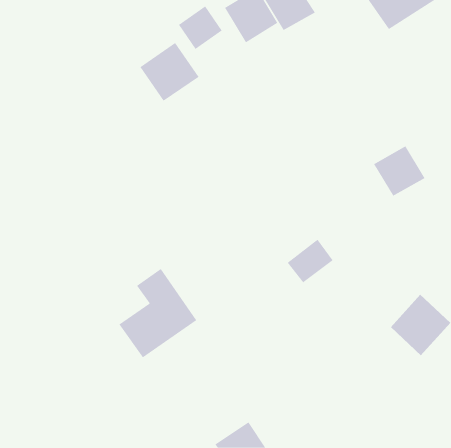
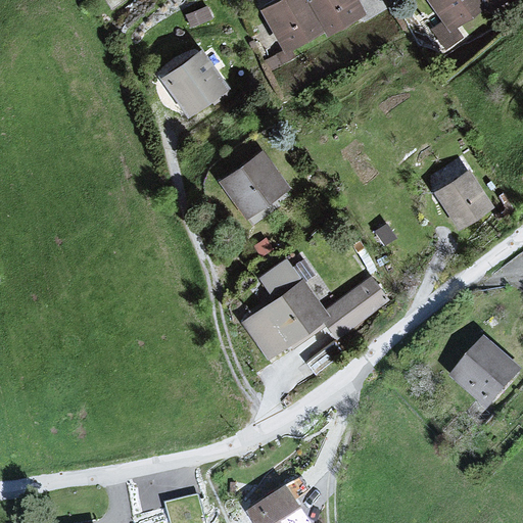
building: [178,6,222,50] -> none
building: none -> [217,149,290,220]
building: [119,268,197,358] -> [239,256,330,361]

